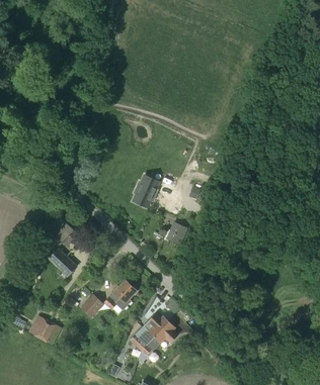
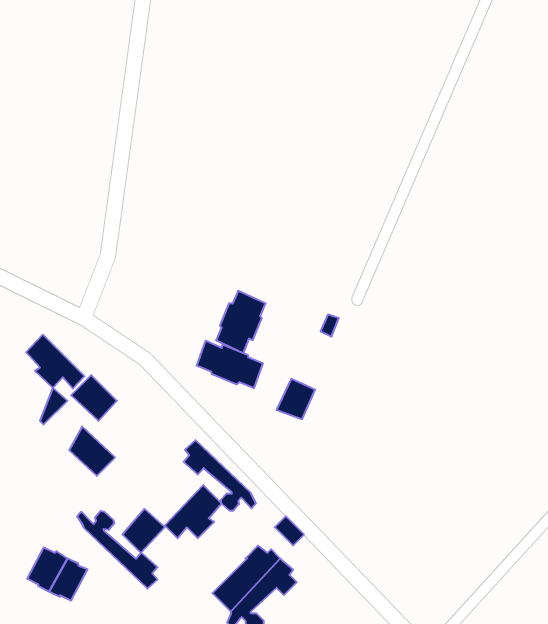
building: none -> [26,335,85,389]
building: none -> [197,341,263,388]
building: none -> [184,440,256,511]
building: none -> [77,511,158,589]

